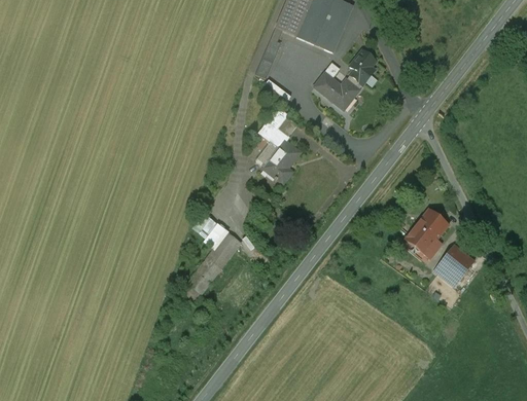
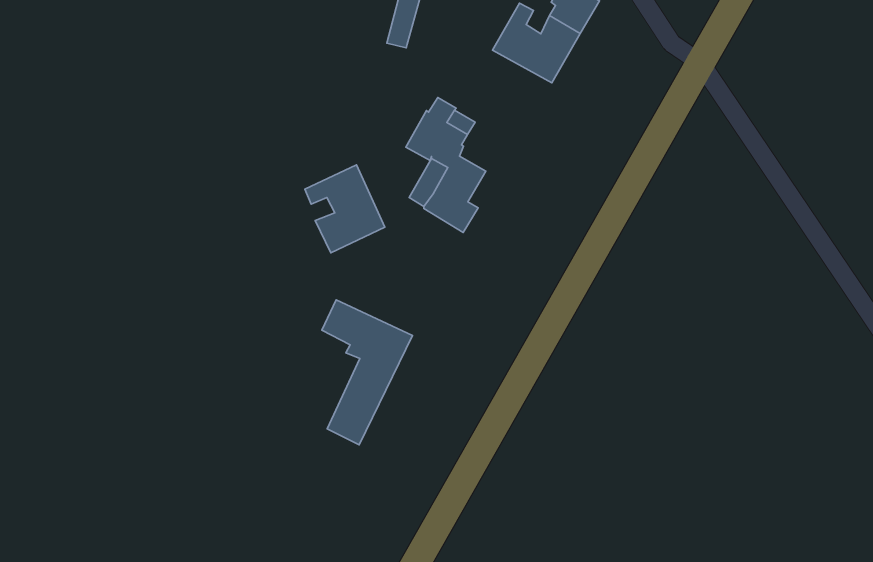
building: none -> [305,165,385,253]
building: [407,202,456,254] -> none
building: [442,241,478,278] -> none

